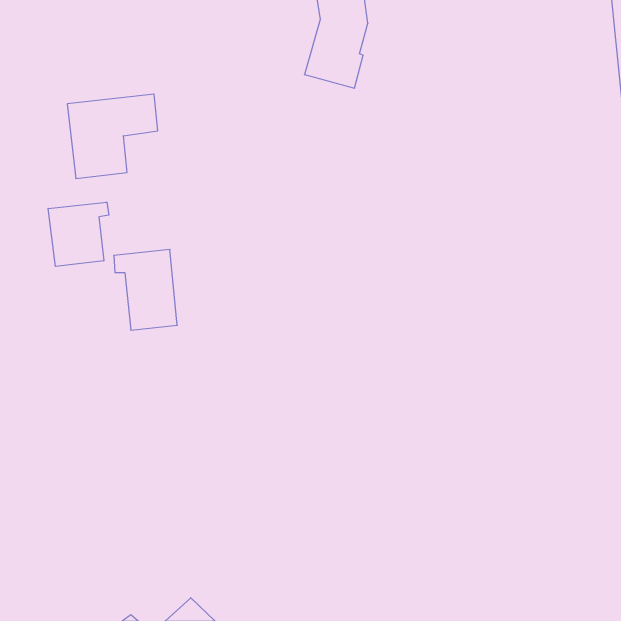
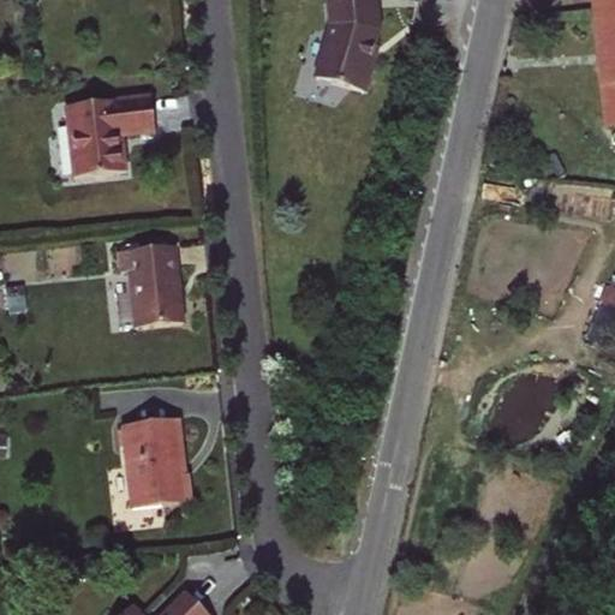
building: [48,202,109,266] -> none
building: none -> [127,416,195,506]

